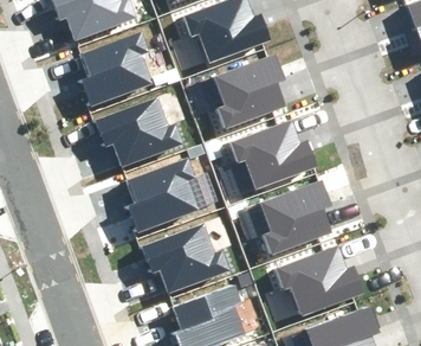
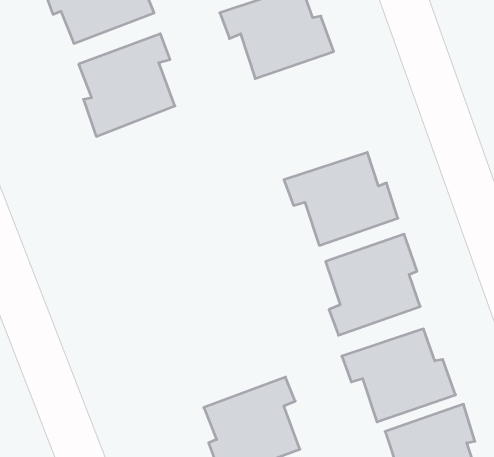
building: [214,56,284,129] -> none
building: [97,96,182,166] -> none
building: [122,158,193,233] -> none
building: [140,224,225,294] -> none

